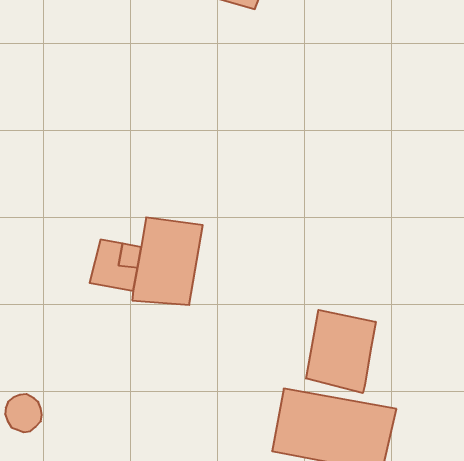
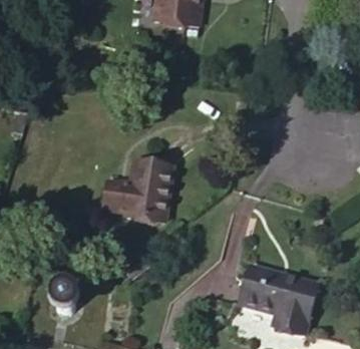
building: [306,310,376,393] -> none

